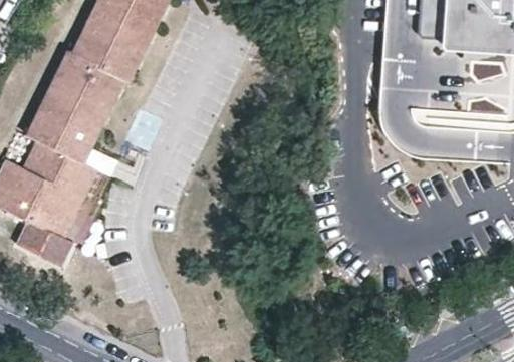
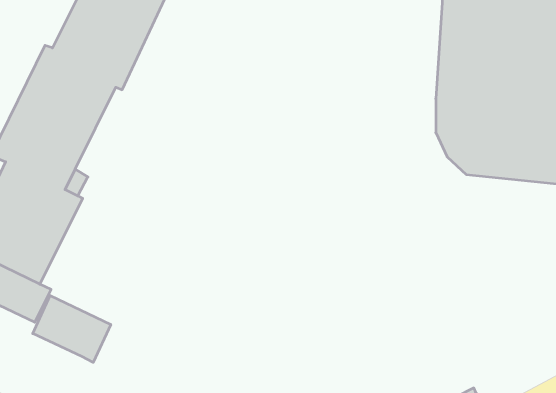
building: none -> [33,296,111,362]

